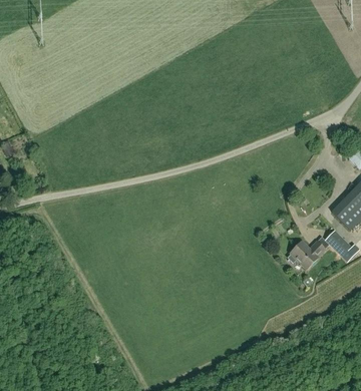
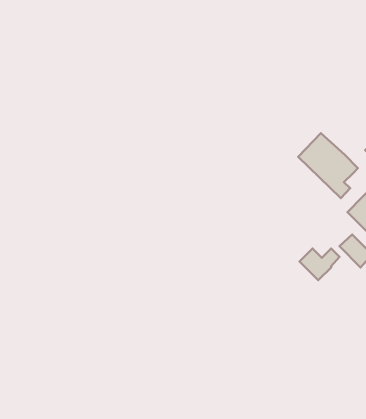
building: none -> [298,133,358,198]

